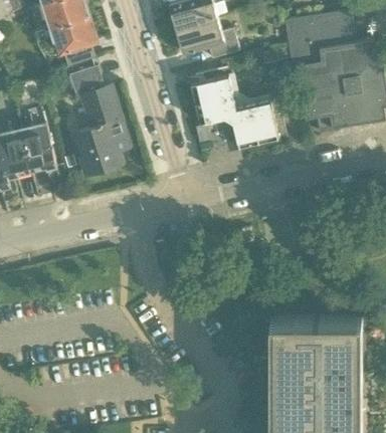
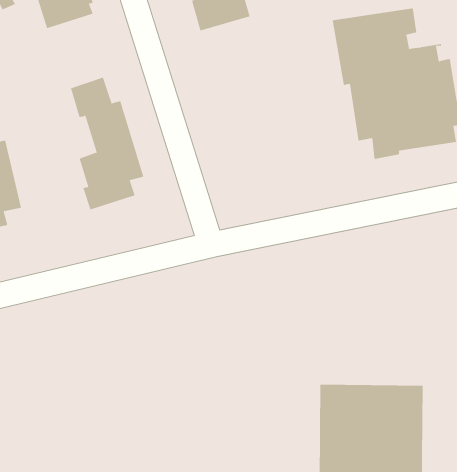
building: [51,14,98,64] -> none
building: [176,16,239,58] -> none
building: [185,65,285,151] -> none
building: [18,111,59,180] -> none

